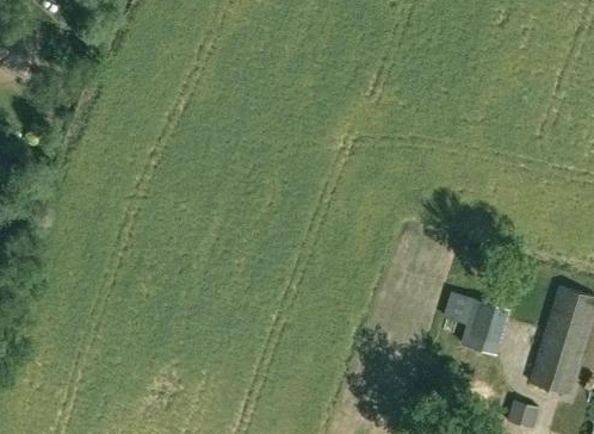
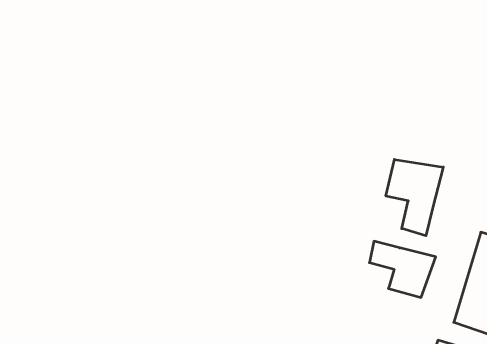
building: none -> [386,159,443,236]

